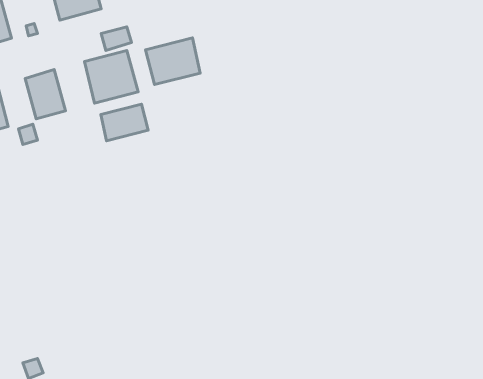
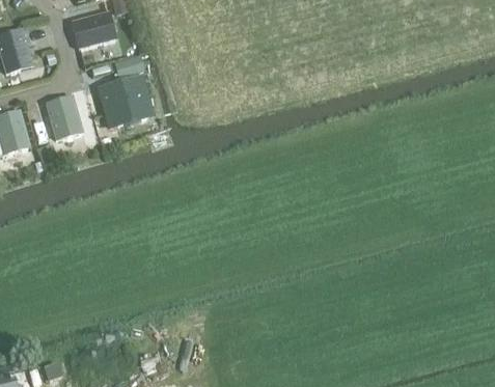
building: [145,38,200,84] -> none
building: [101,104,148,141] -> none

